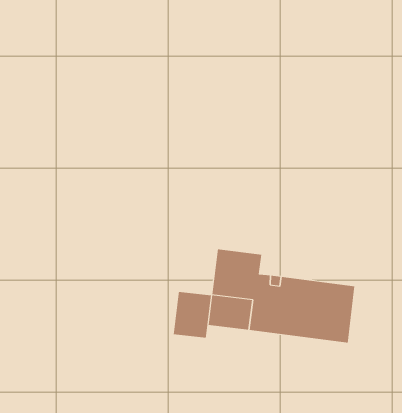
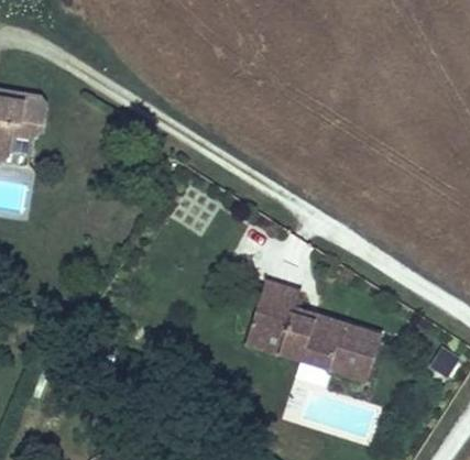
building: [173,291,211,339] -> none

